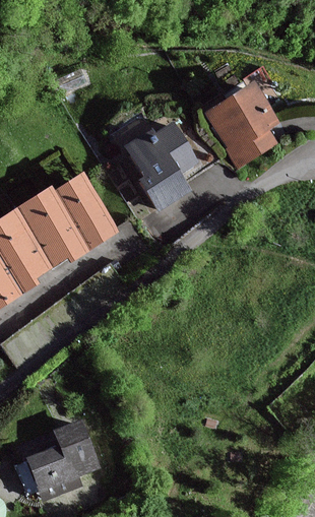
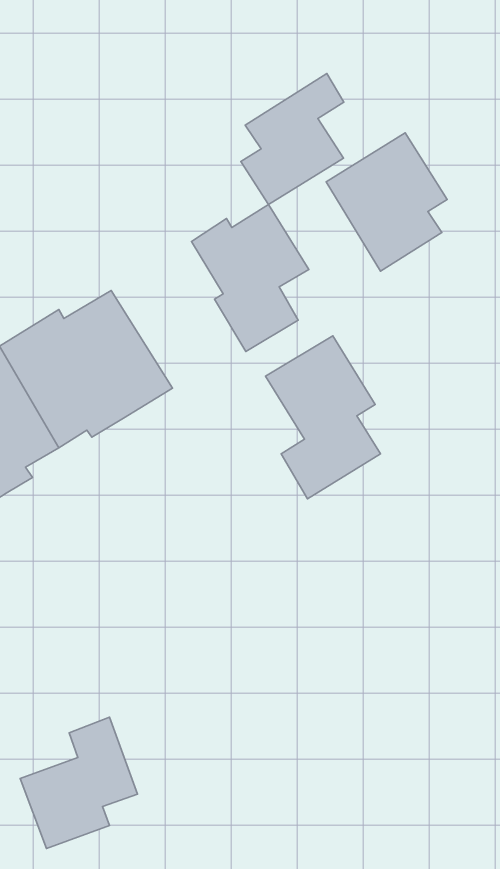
building: none -> [241,74,344,205]
building: none -> [266,336,381,499]

